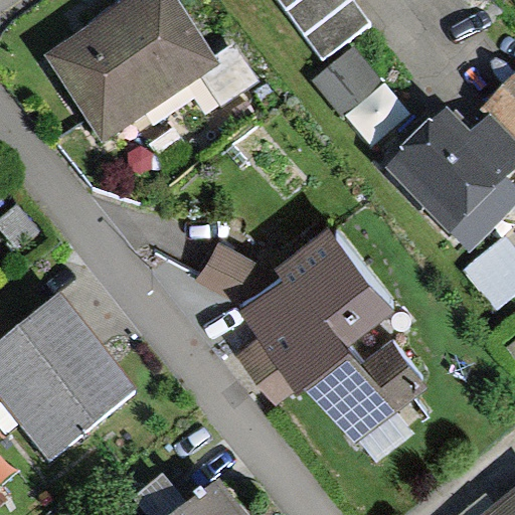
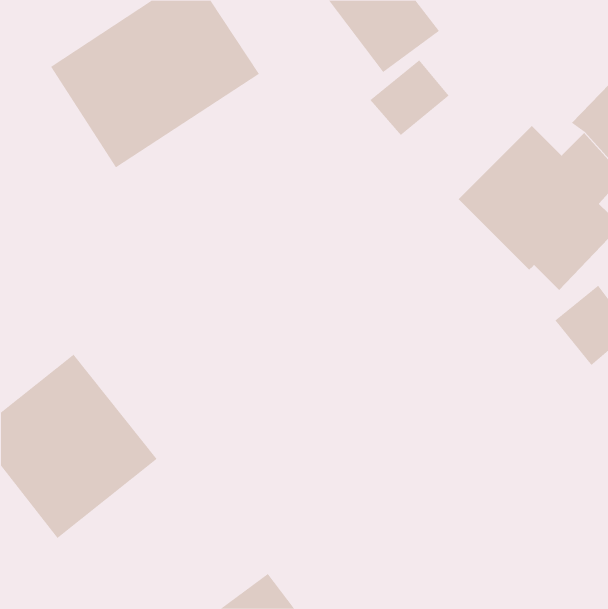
building: [200,234,419,437] -> none

